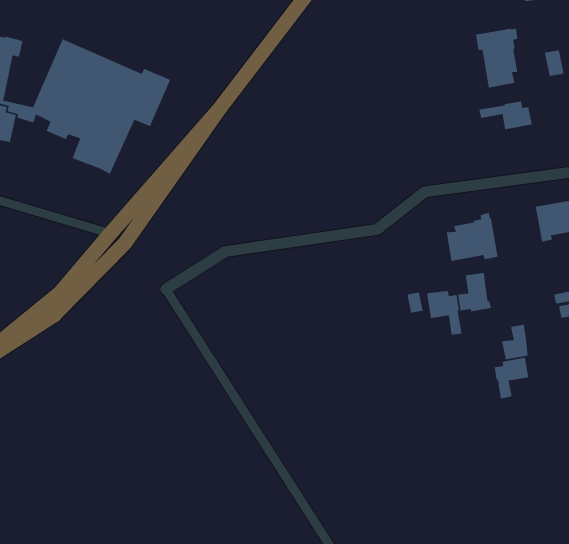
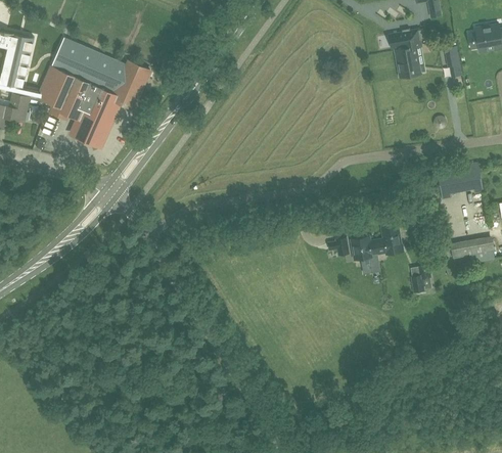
building: [478,101,533,130] -> none
building: [446,212,498,262] -> none
building: [494,357,529,399] -> none

